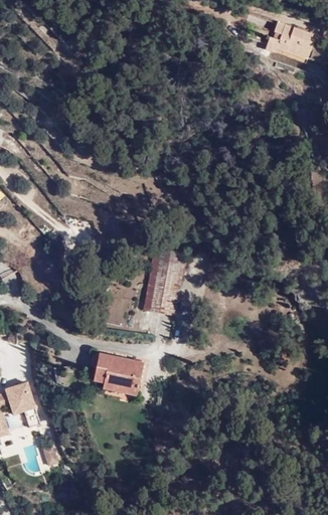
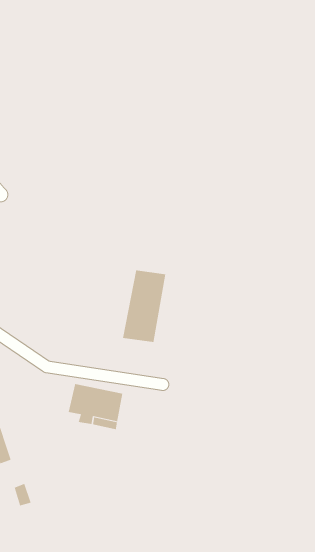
building: [261,20,309,57] -> none

